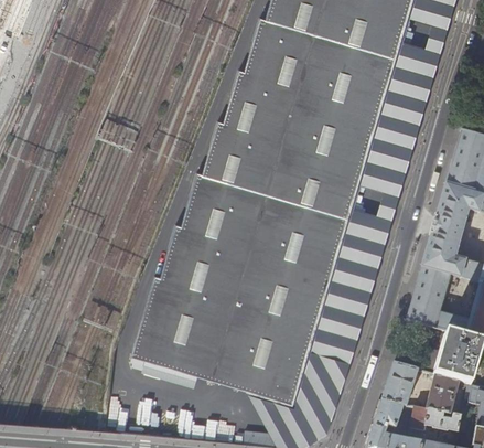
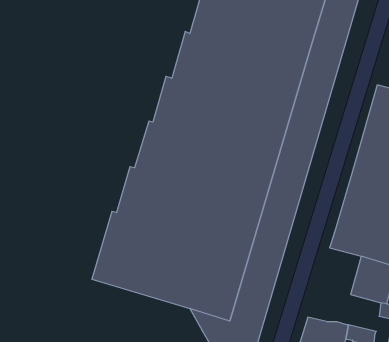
building: [384,363,420,406] -> none
building: [429,374,469,417] -> none

